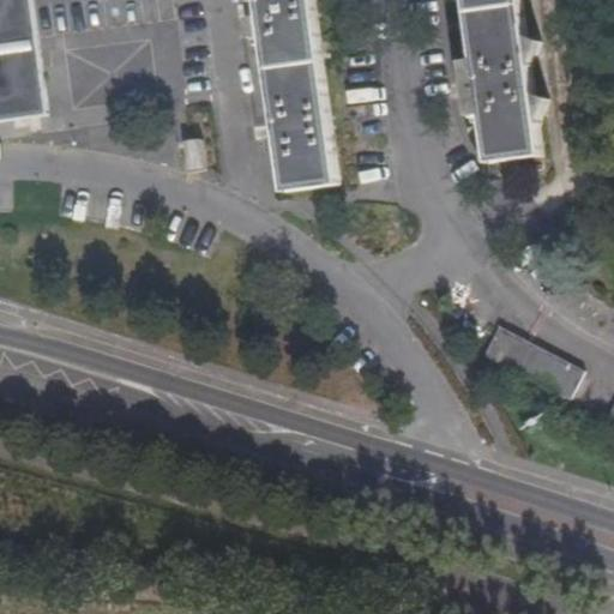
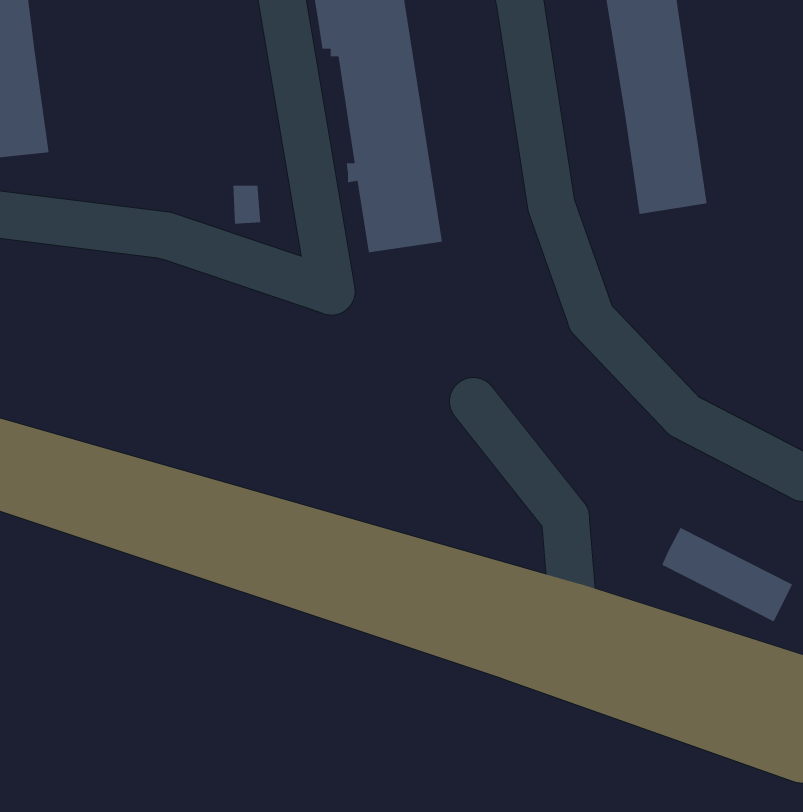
building: [480,324,579,396] -> [661,527,793,622]

